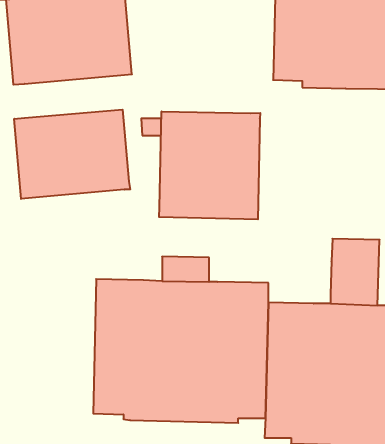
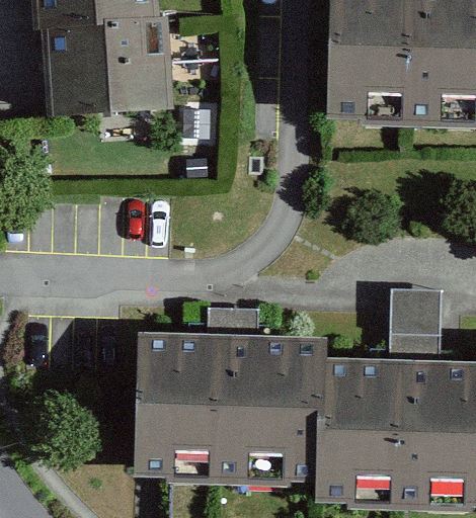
building: [14,110,130,199] -> none
building: [159,111,260,219] -> none

